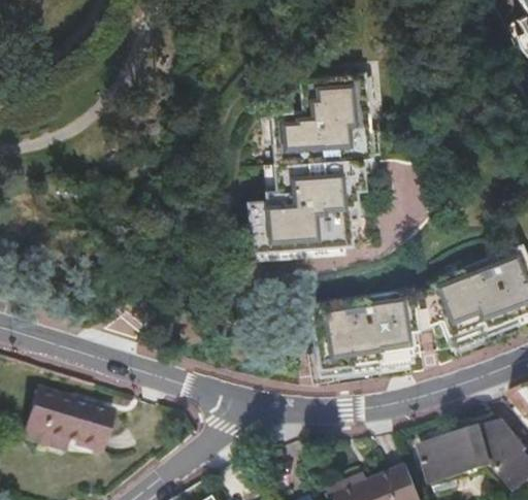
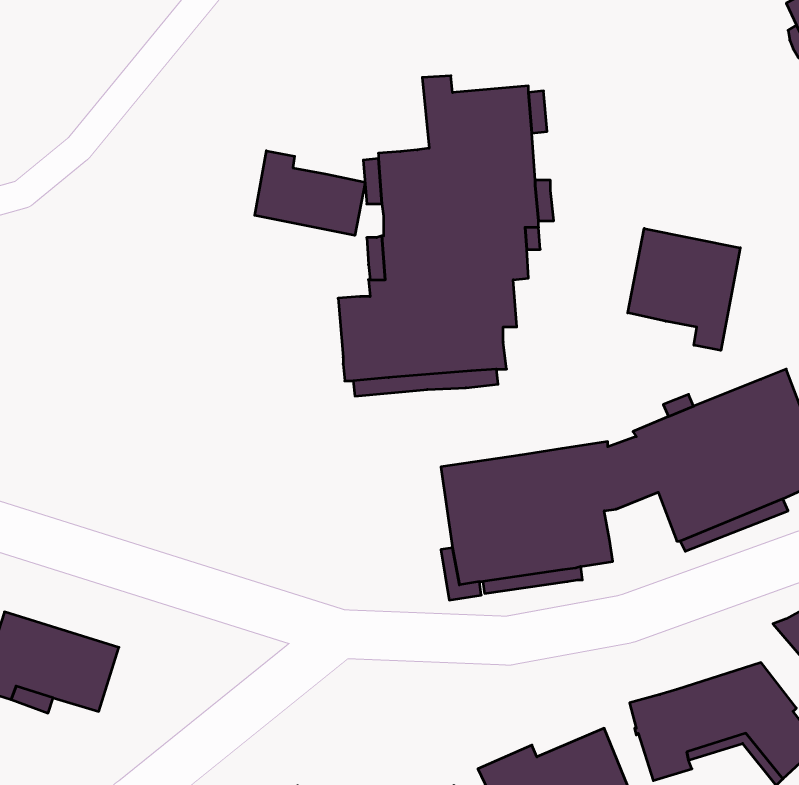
building: none -> [255,151,365,235]
building: none -> [628,228,740,350]

